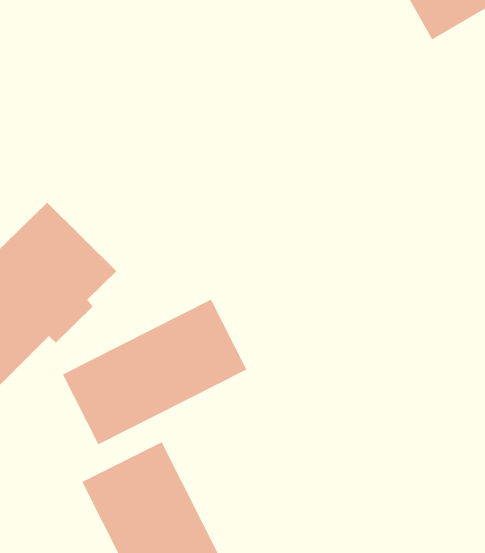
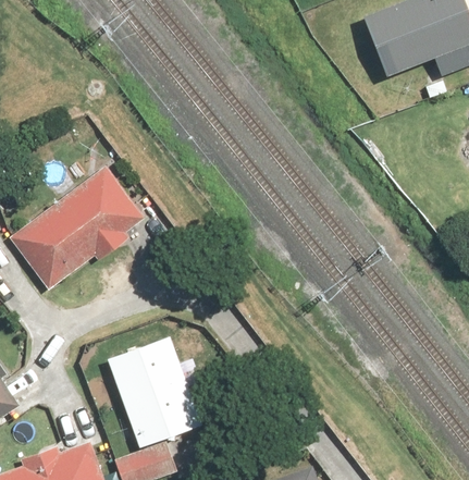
building: [62,299,247,445] -> none

